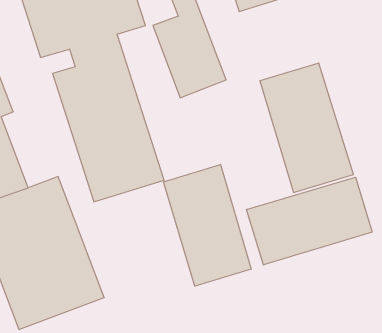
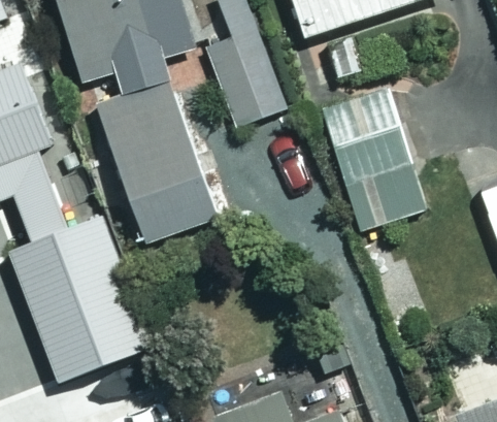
building: [163,164,251,286] -> none
building: [246,177,372,265] -> none

